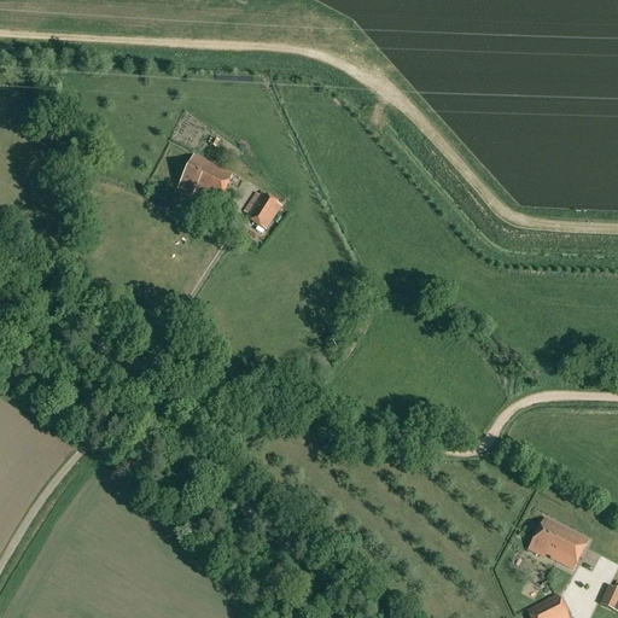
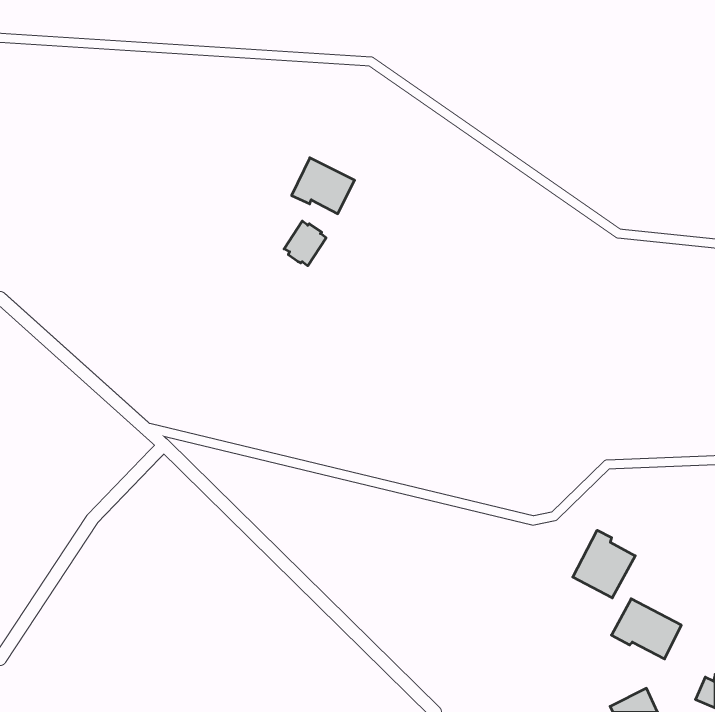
building: [177,154,232,203] -> [292,158,355,214]
building: none -> [573,530,635,598]

